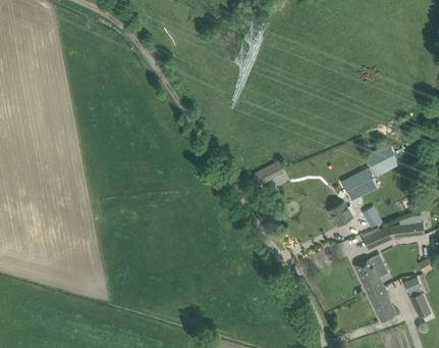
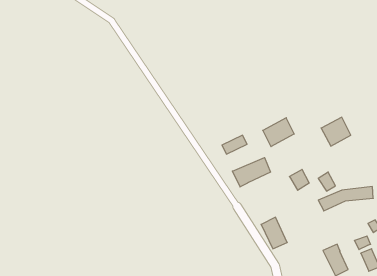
building: [342,168,378,201] -> [263,118,294,147]
building: none -> [232,158,271,187]
building: [354,258,384,294] -> [261,217,287,249]

